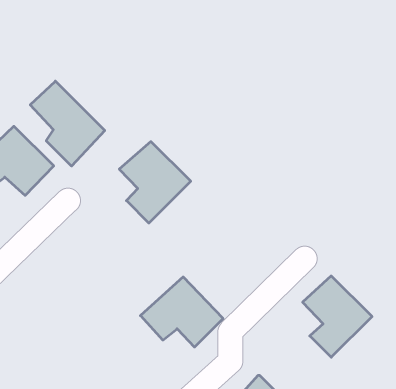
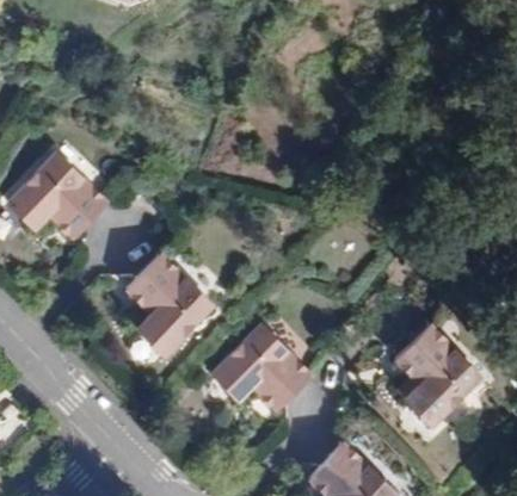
building: [30,81,105,166] -> none
building: [119,142,191,223] -> [128,255,211,351]

